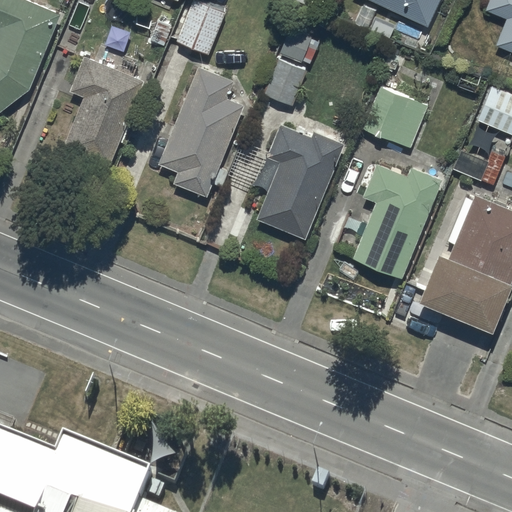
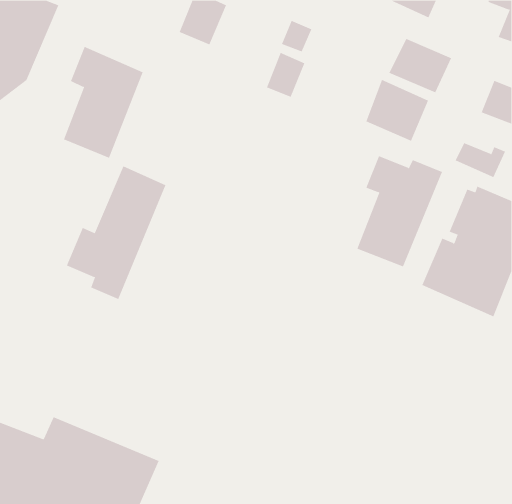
building: none -> [389,38,452,93]
building: [159,67,243,196] -> none
building: [256,125,345,238] -> none
building: none -> [66,165,166,300]

